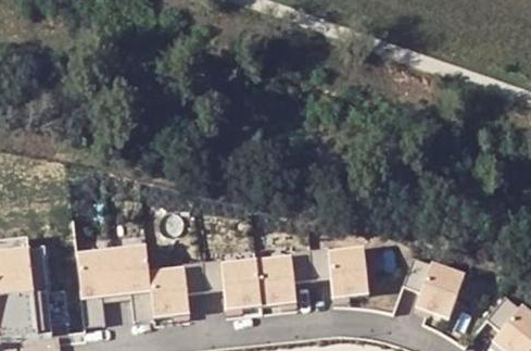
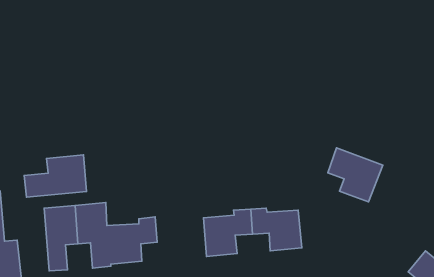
building: none -> [24,155,86,197]
building: [202,260,260,309] -> none
building: [403,262,465,323] -> [328,148,383,202]

